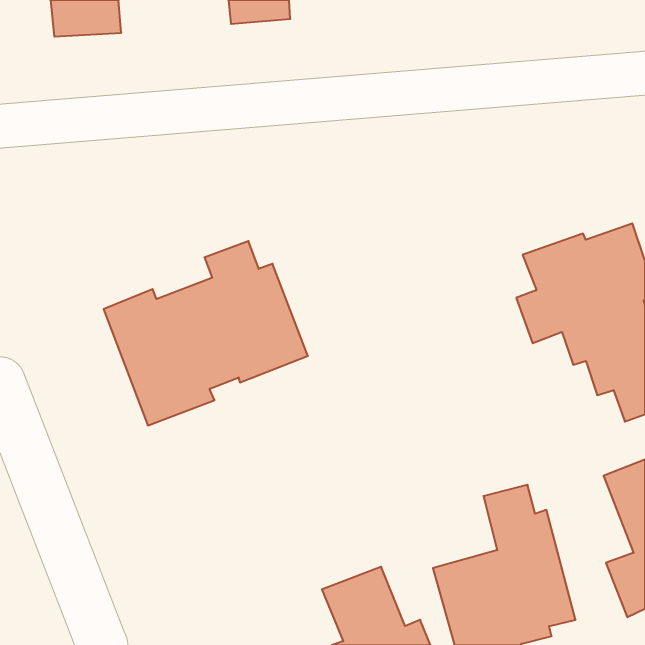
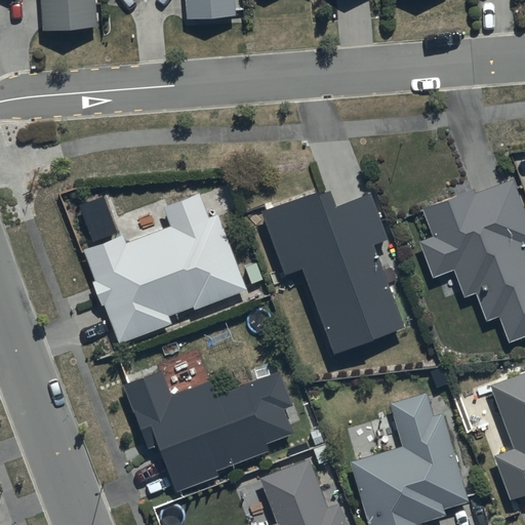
building: none -> [262,190,405,357]
building: none -> [124,371,295,491]

